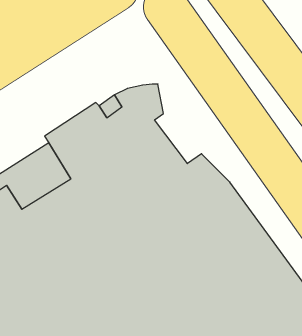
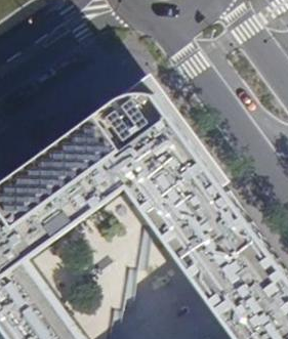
building: none -> [147,89,217,181]

